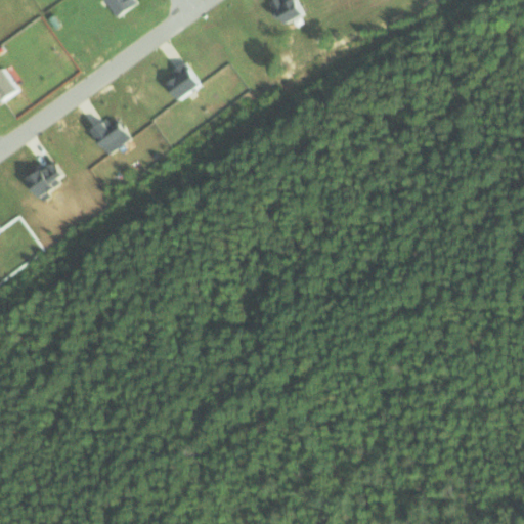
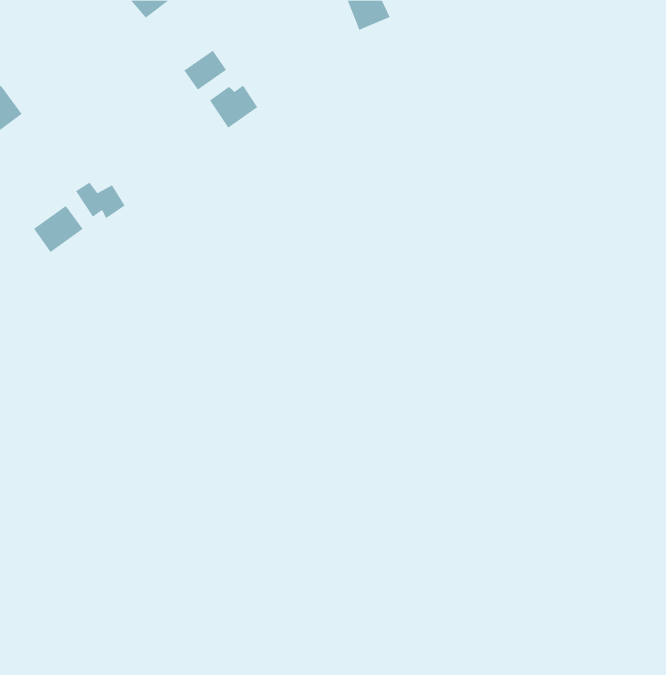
building: none -> [184,50,227,91]
building: [89,120,128,148] -> [75,182,126,219]

